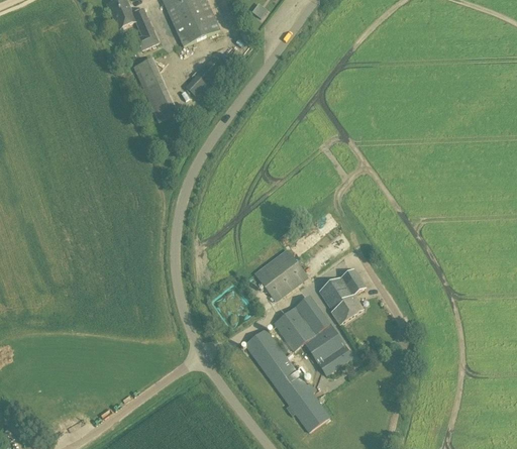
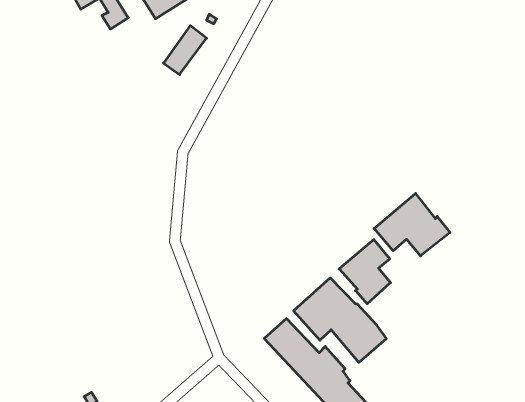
building: [132,57,178,121] -> none
building: none -> [374,193,450,256]
building: [253,249,306,301] -> none

